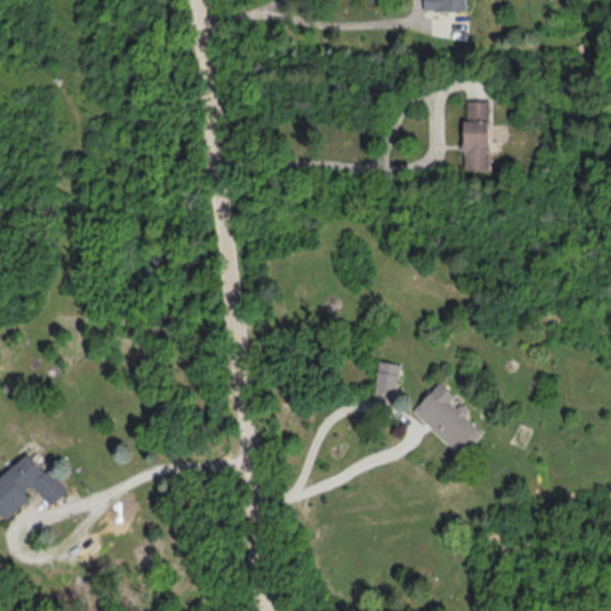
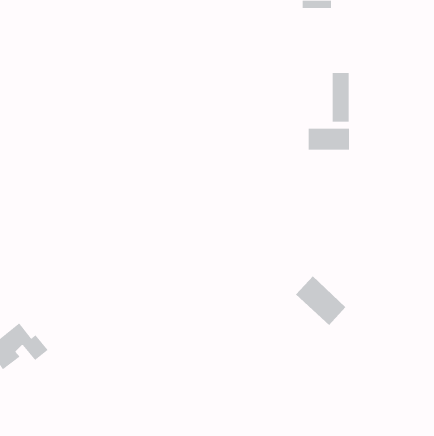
building: none -> [308,128,350,151]
building: [374,363,400,396] -> none

